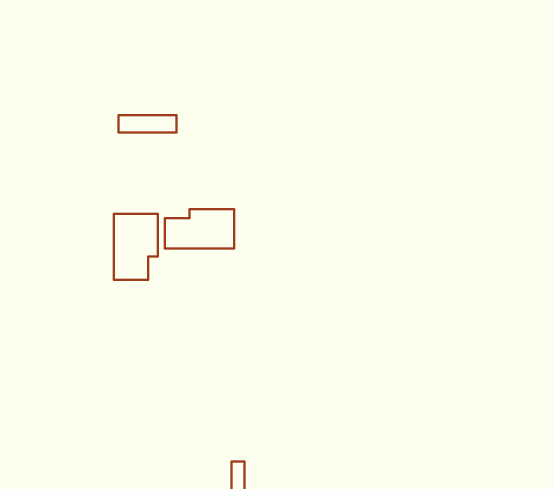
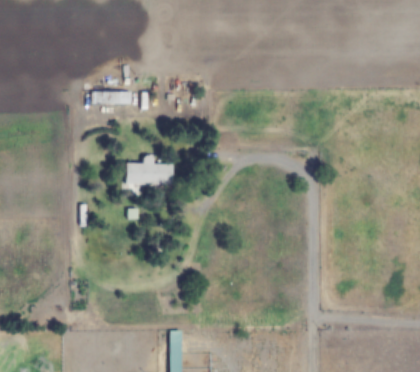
building: [114,214,158,280] -> none

